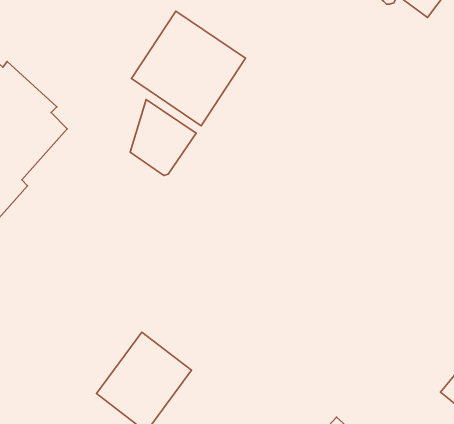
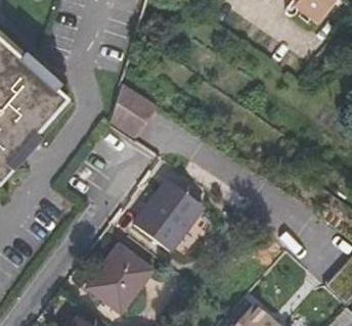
building: [131,11,245,126] -> none
building: none -> [133,177,205,250]

